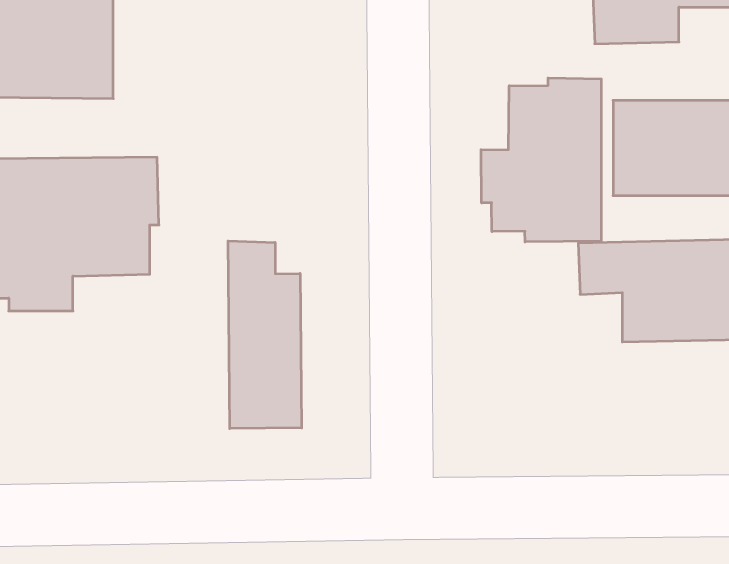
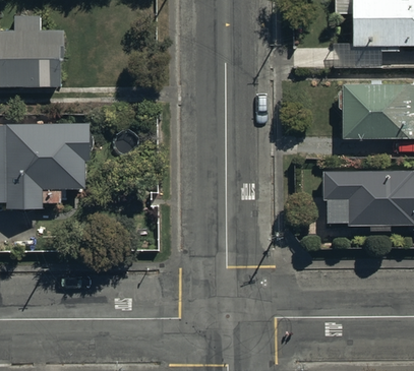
building: [481,78,601,242] -> none
building: [228,241,302,429] -> none

